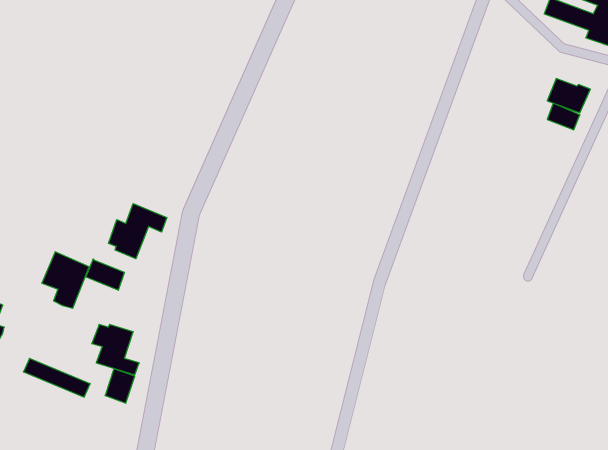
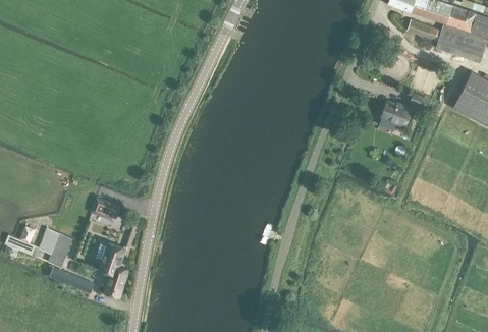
building: [547,79,590,113] -> [381,102,411,125]
building: [108,204,167,259] -> none
building: [42,252,89,308] -> [40,228,72,267]

